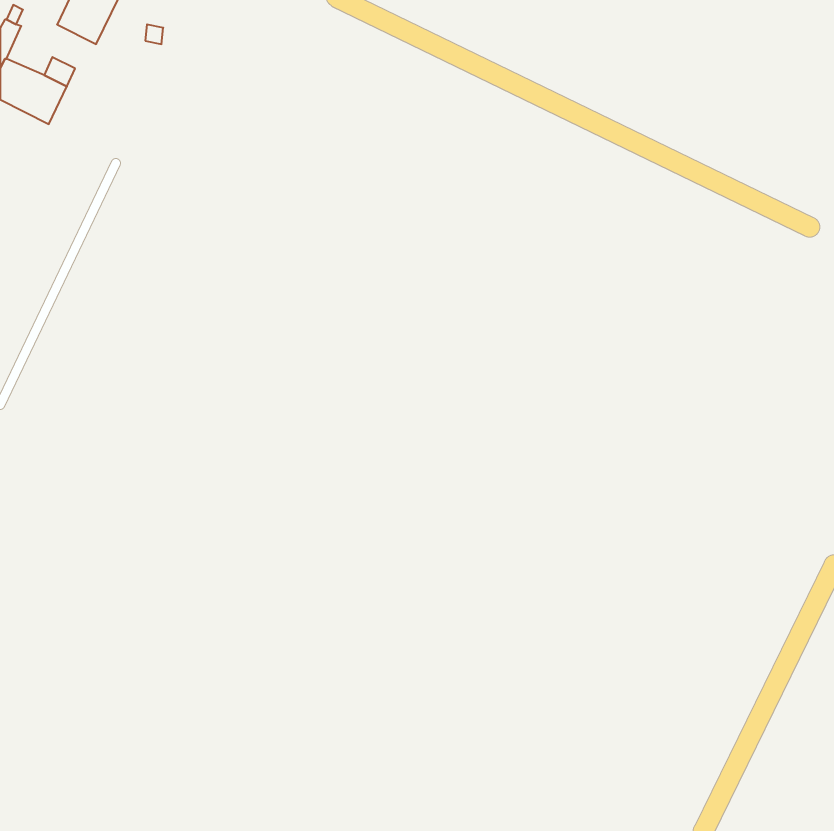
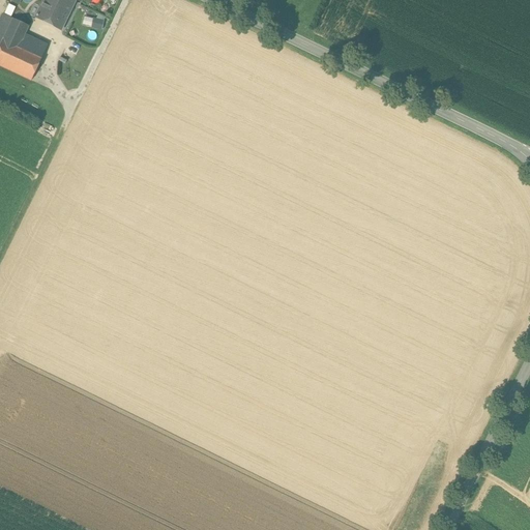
building: none -> [4,17,33,48]

